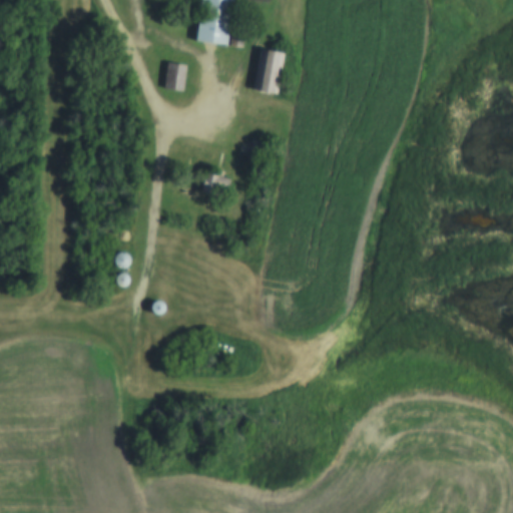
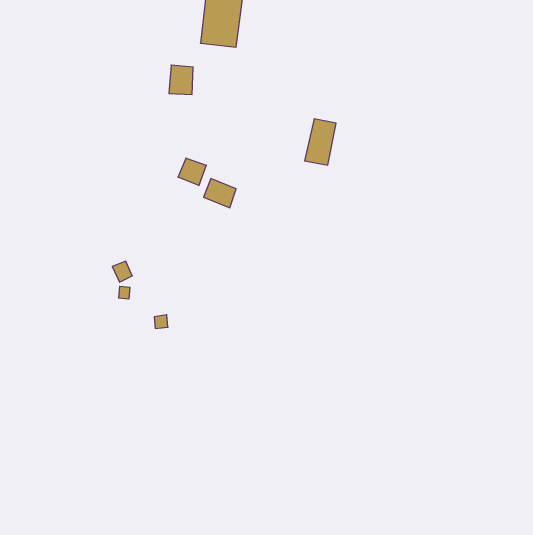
building: [254,49,285,93] -> [305,119,336,165]
building: none -> [178,158,206,186]

